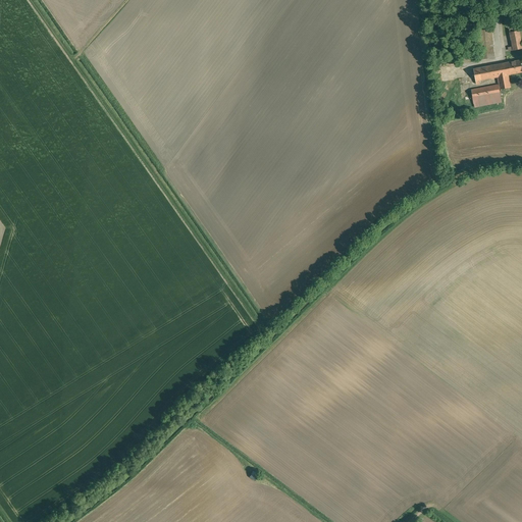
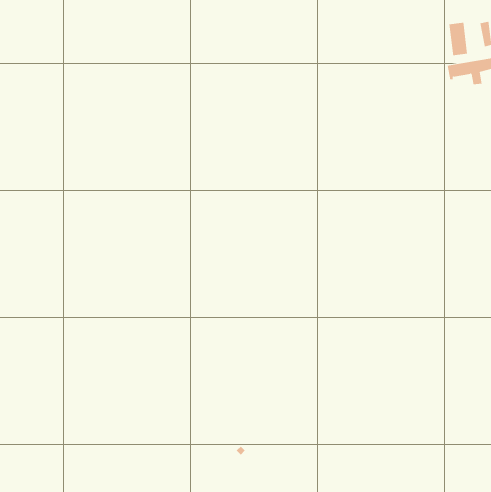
building: [472,85,503,108] -> none

